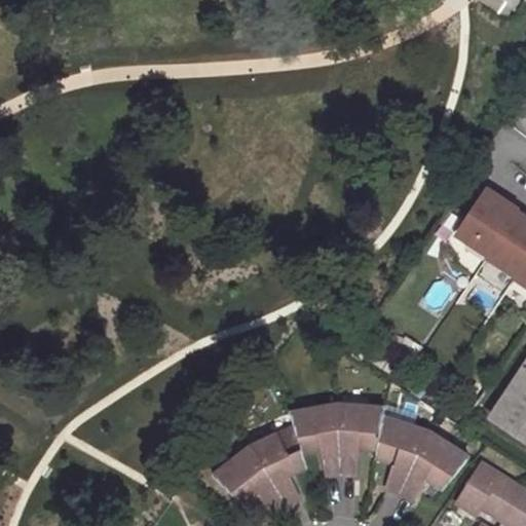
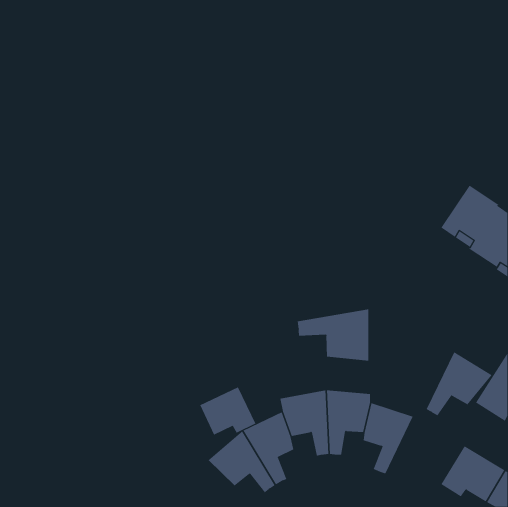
building: none -> [297,309,369,361]
building: none -> [200,386,256,435]
building: [399,430,467,497] -> [426,351,493,416]

